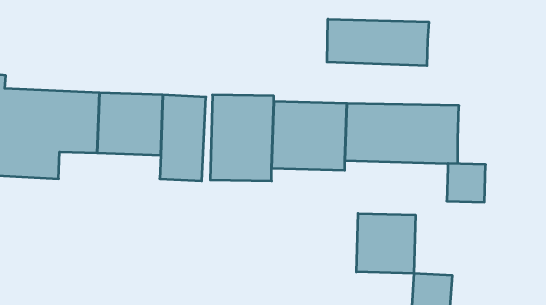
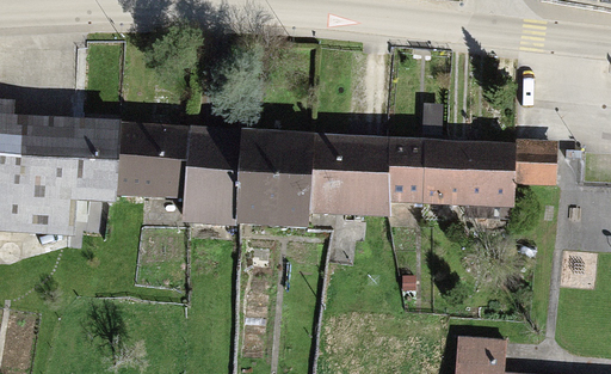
building: [327,19,429,66] -> none
building: [447,163,486,202] -> [511,139,554,182]
building: [356,213,415,273] -> none

